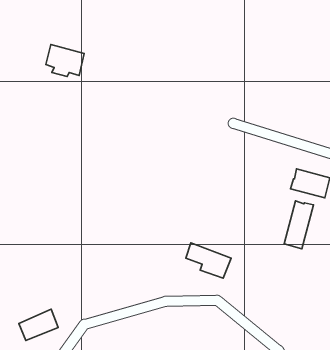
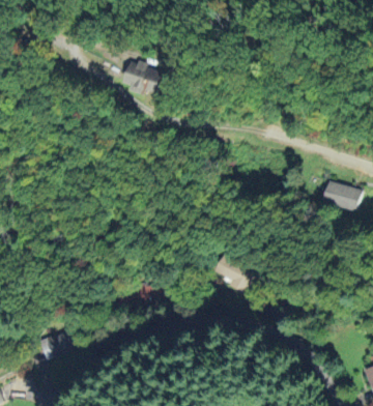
building: [46,44,84,77] -> [125,60,165,93]
building: [284,201,313,249] -> none

